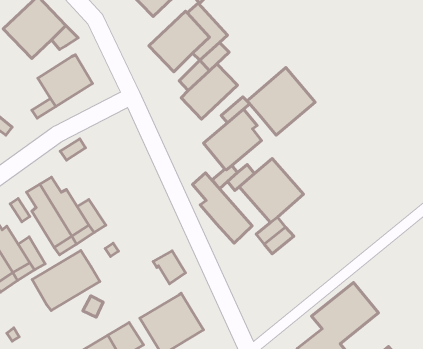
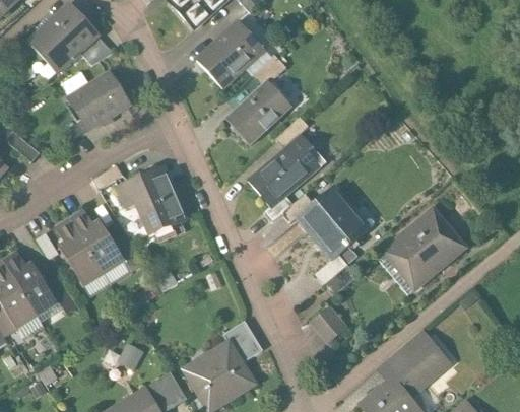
building: [247,68,315,135] -> none
building: none -> [117,167,188,238]
building: [192,173,252,243] -> none
building: none -> [381,210,464,291]
building: [32,250,100,311] -> none
building: [153,251,185,284] -> [222,324,259,361]
building: none -> [309,306,345,343]

